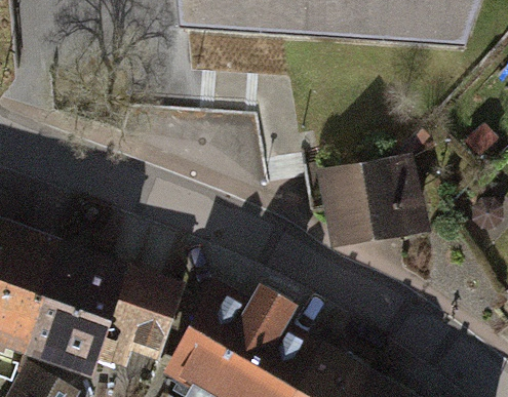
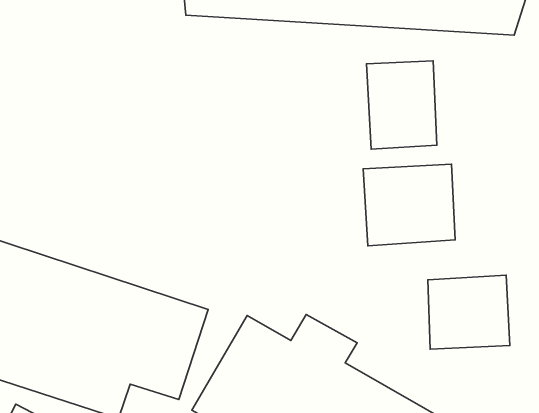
building: none -> [367,61,437,149]
building: none -> [428,275,510,349]

